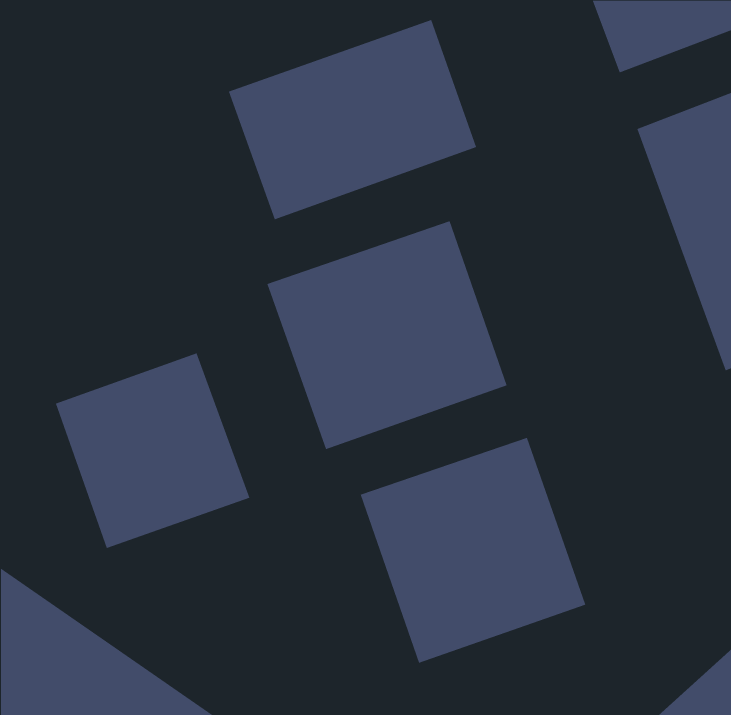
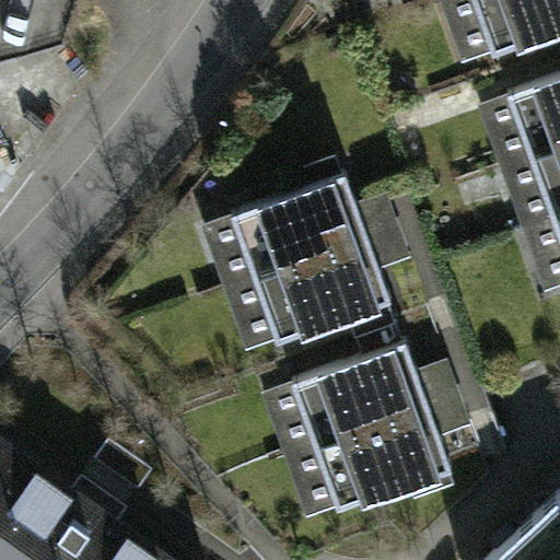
building: [228,19,477,220] -> none
building: [55,352,250,549] -> none

